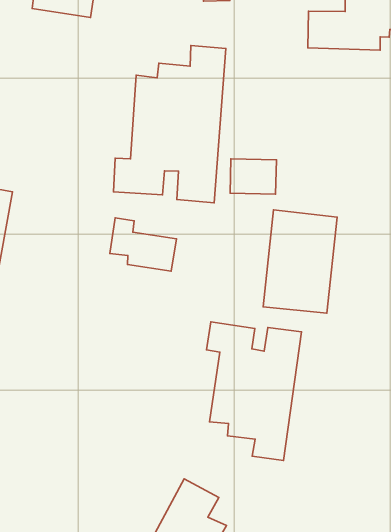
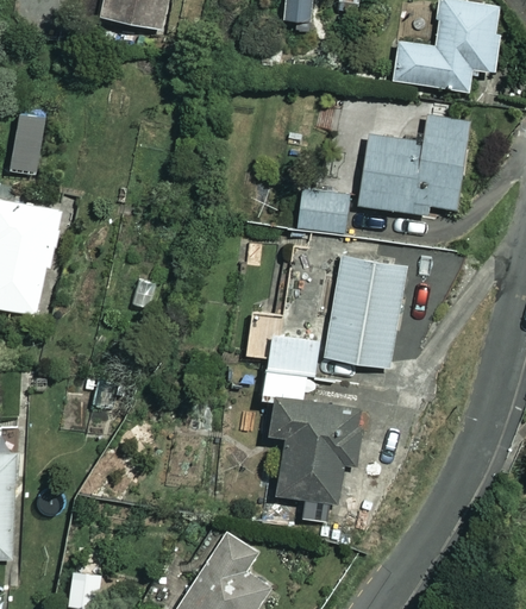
building: [113,46,226,203] -> none
building: none -> [357,112,466,214]
building: [110,218,176,271] -> [248,316,320,378]

